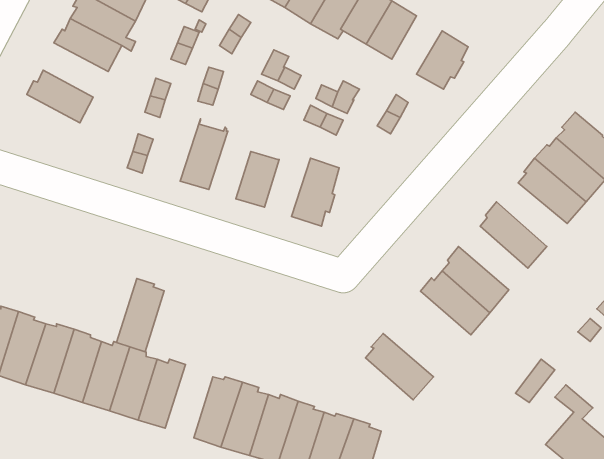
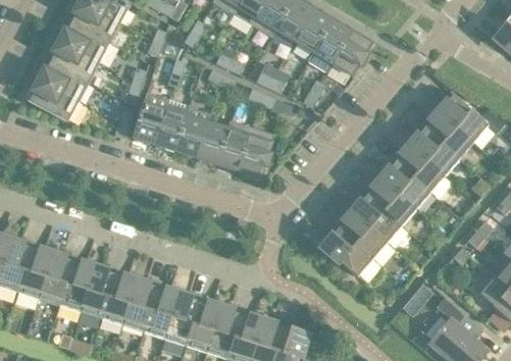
building: none -> [312,19,350,63]
building: none -> [50,40,99,81]
building: none -> [29,79,78,120]
building: none -> [131,90,168,144]
building: none -> [174,106,209,157]
building: none -> [216,119,251,170]
building: none -> [391,145,444,193]
building: none -> [362,177,414,225]
building: [117,279,164,352] -> [142,281,177,337]
building: [366,333,433,400] -> [320,226,371,276]

